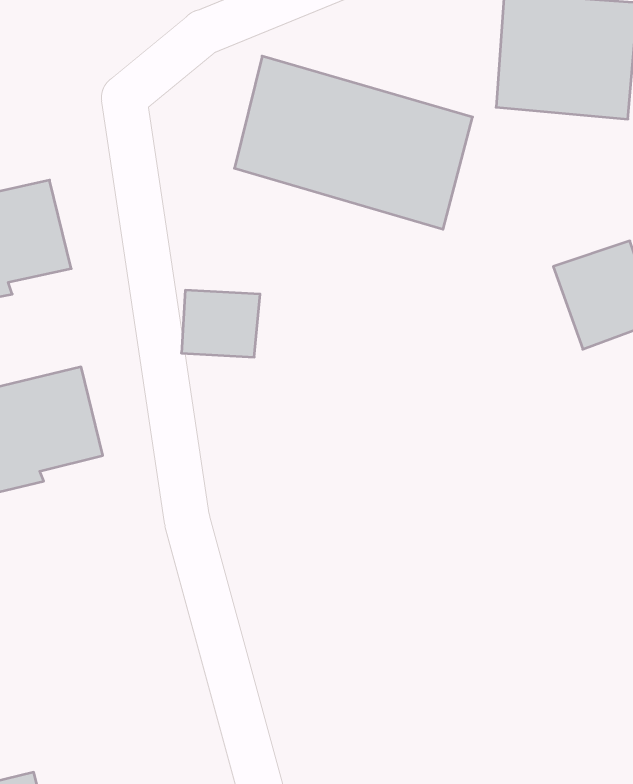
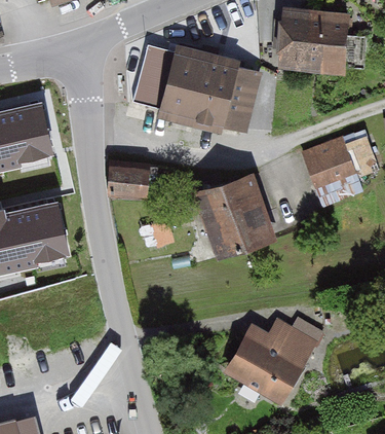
building: none -> [195,173,274,261]
building: none -> [227,317,325,405]

